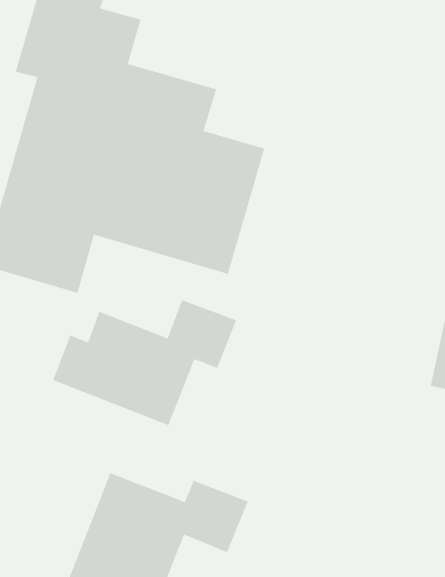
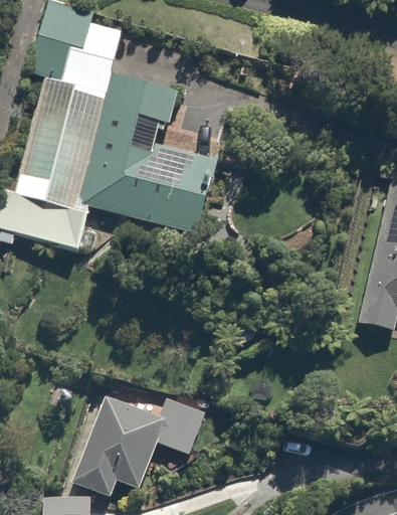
building: [52,299,237,426] -> none

